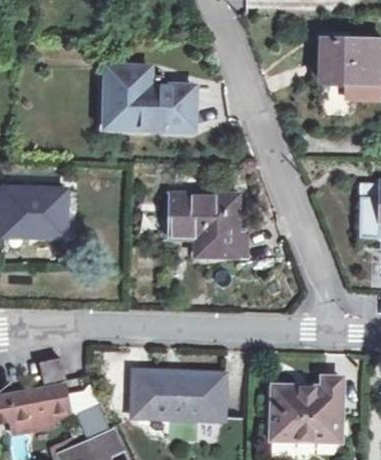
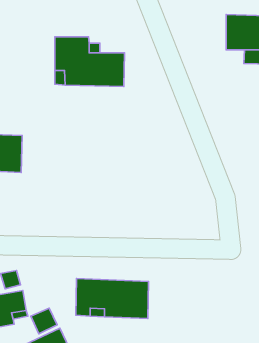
building: [171,194,246,259] -> none
building: [271,378,342,440] -> none

